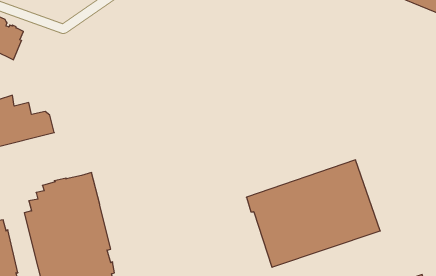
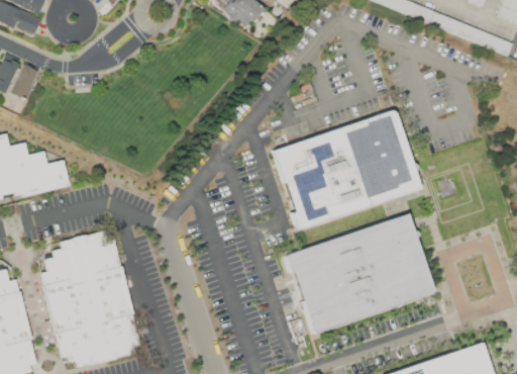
building: none -> [273,110,420,228]

